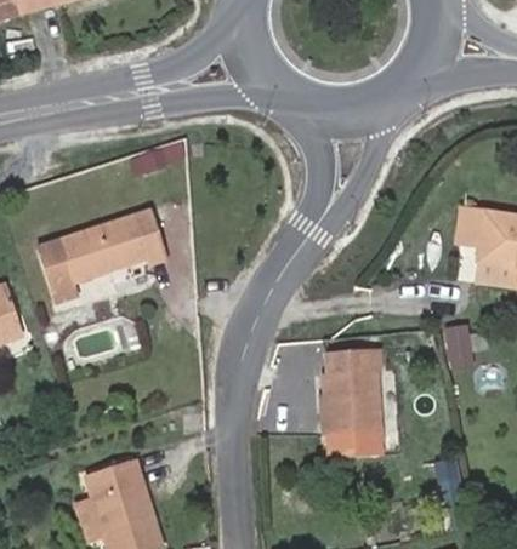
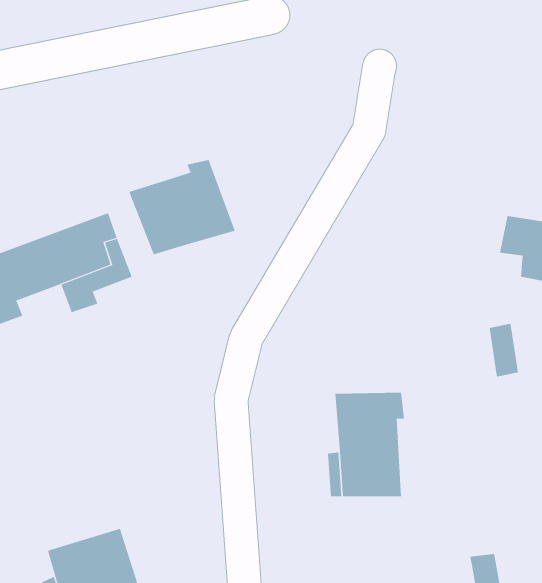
building: none -> [129,159,235,255]

